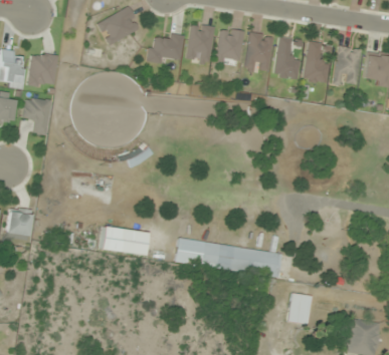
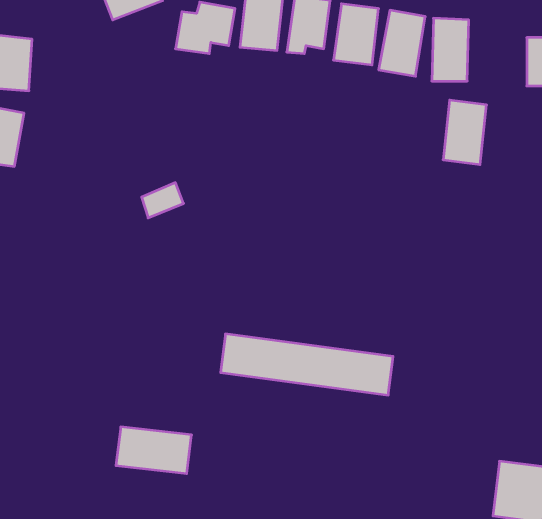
building: [334,46,361,86] -> [443,100,487,165]
building: [101,227,148,256] -> [116,427,192,474]
building: [287,293,312,325] -> none

